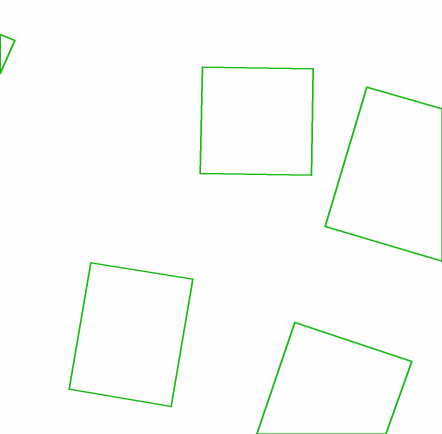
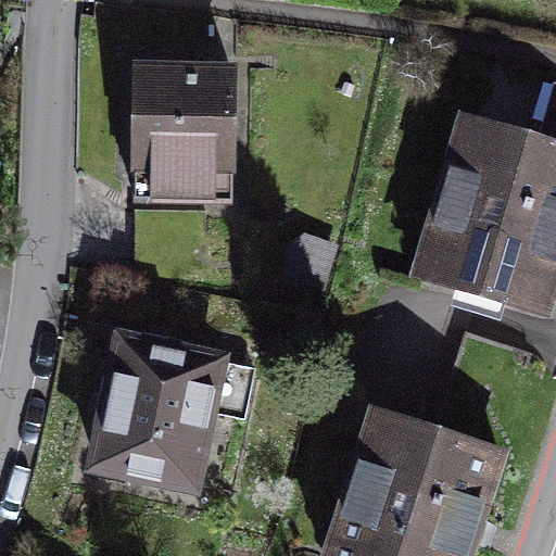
building: none -> [130,59,244,201]
building: [200,67,313,175] -> none

